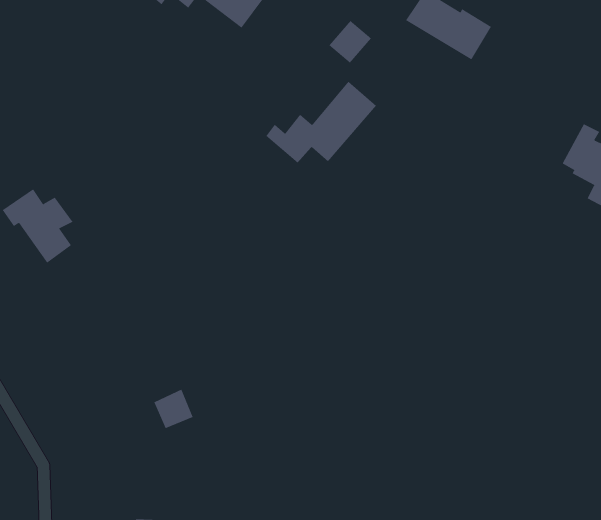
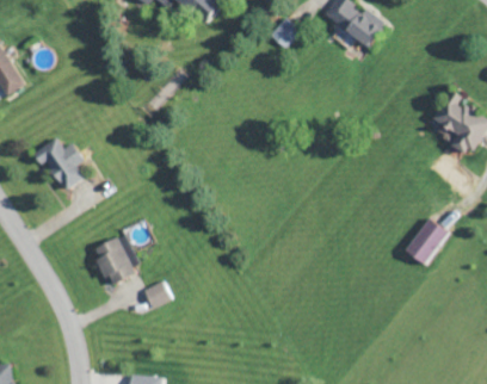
building: [265,81,377,163] -> none
building: none -> [405,218,445,265]
building: none -> [92,235,140,284]

